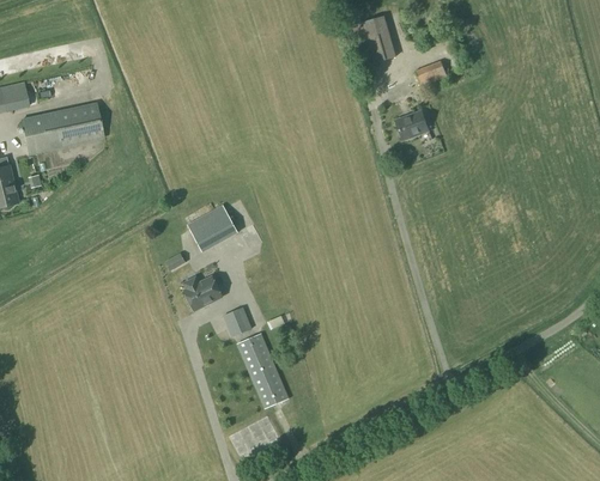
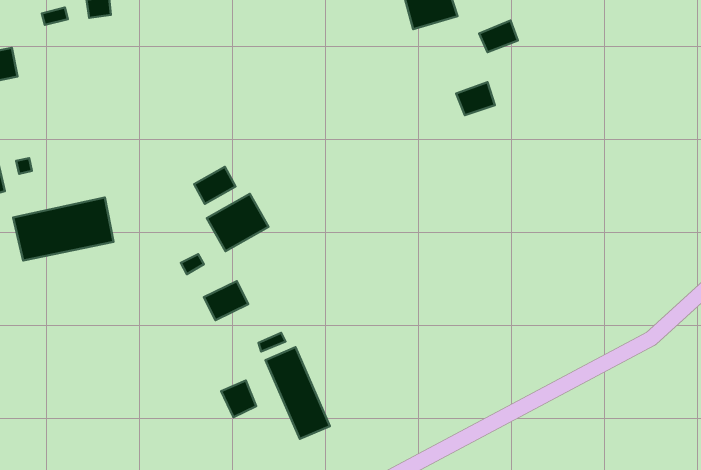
building: [20,101,104,153] -> [13,197,114,260]
building: none -> [194,167,236,204]
building: none -> [221,381,256,417]

